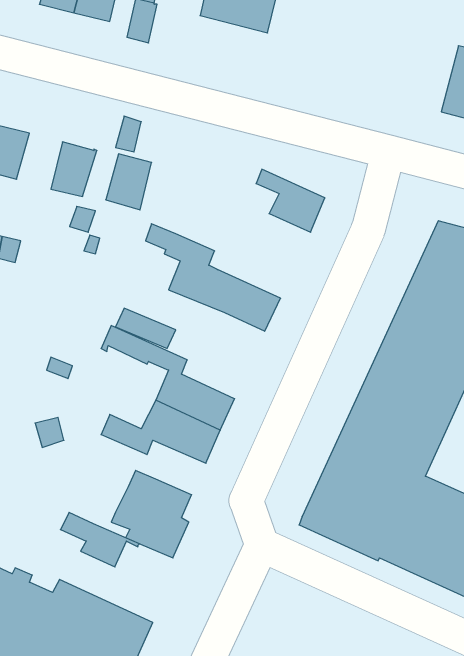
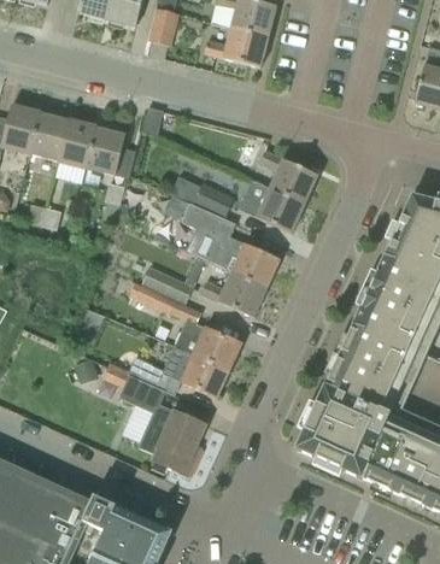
building: none -> [204,20,269,66]
building: [106,154,152,210] -> [58,119,96,166]
building: none -> [239,178,305,231]
building: none -> [192,181,235,218]
building: none -> [200,270,266,316]
building: [60,512,139,567] -> [101,363,168,409]

